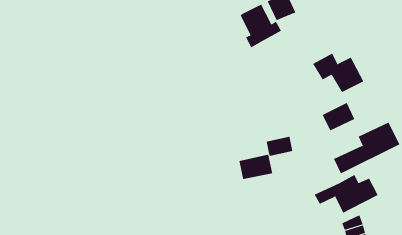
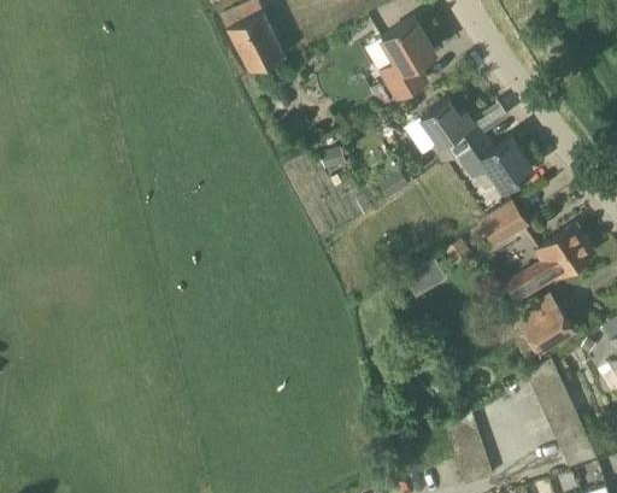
building: [240,4,282,48] -> [421,100,483,165]
building: [239,154,273,180] -> none

